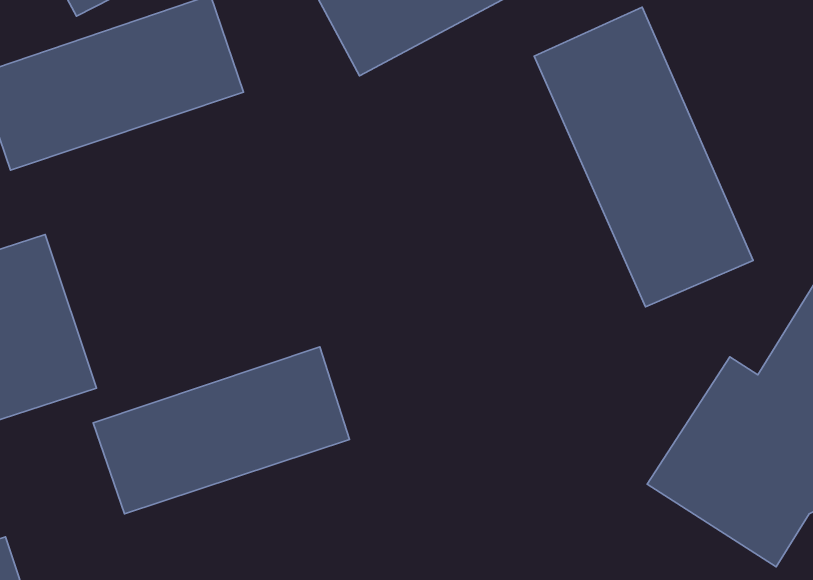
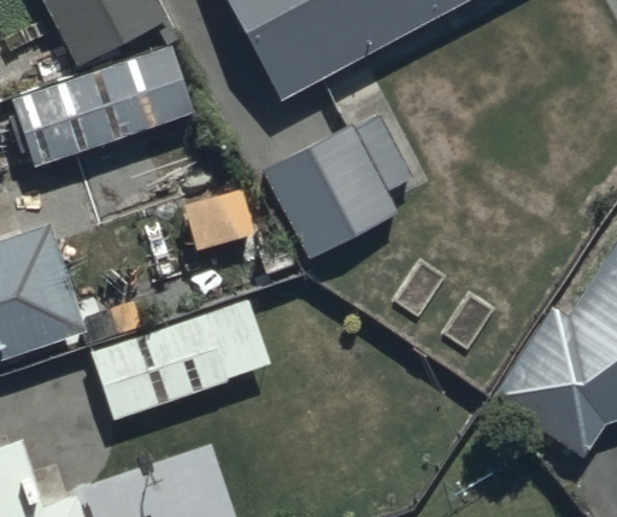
building: [534,7,753,307] -> none
building: none -> [259,118,411,260]

